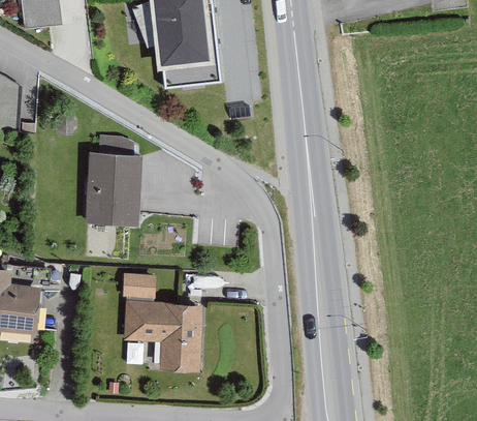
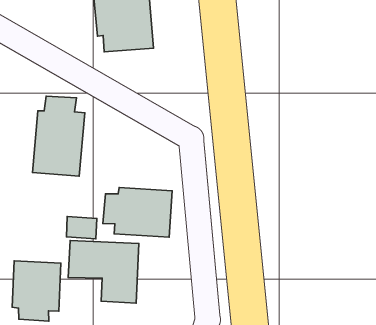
building: none -> [103,188,172,237]
building: none -> [12,261,61,321]

